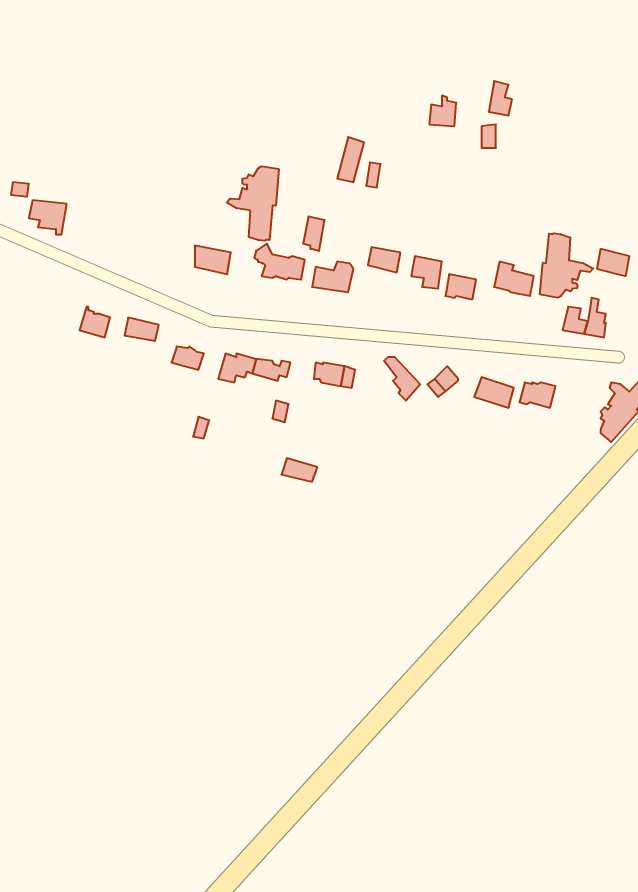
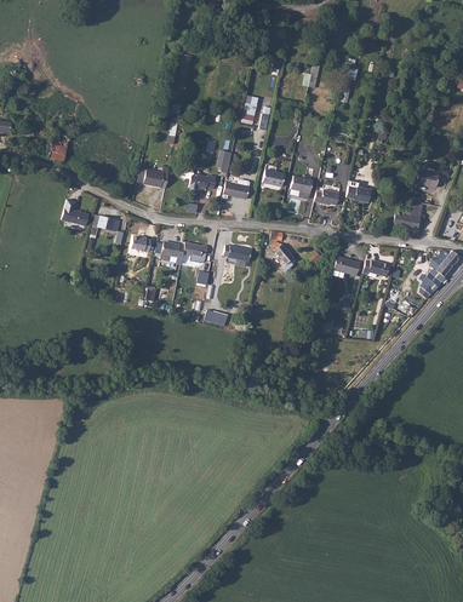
building: [227,166,279,241] -> none
building: [540,233,593,298] -> none

